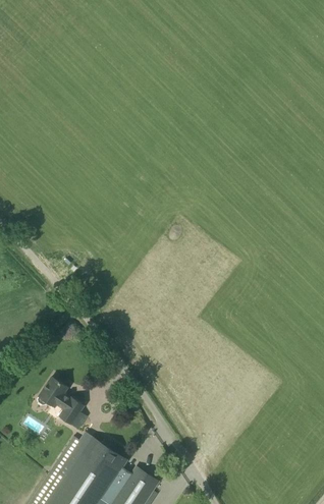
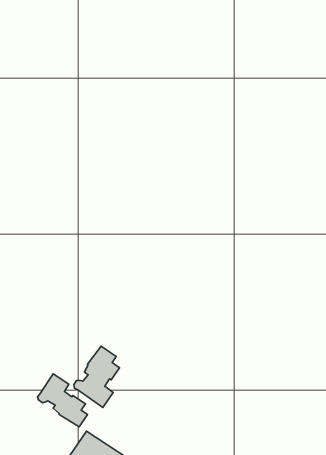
building: none -> [74,346,120,407]

